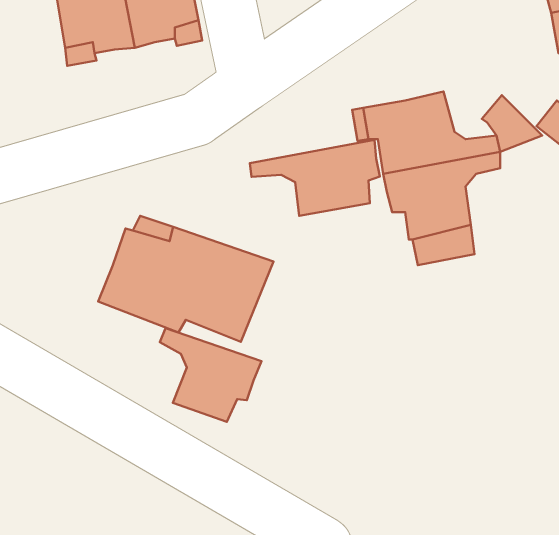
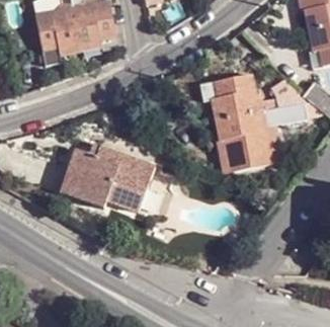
building: [250,140,380,216] -> none
building: [160,328,262,422] -> none

